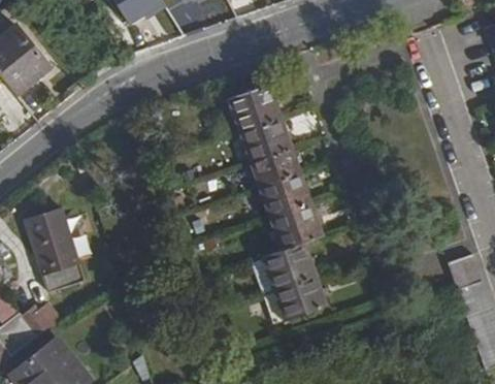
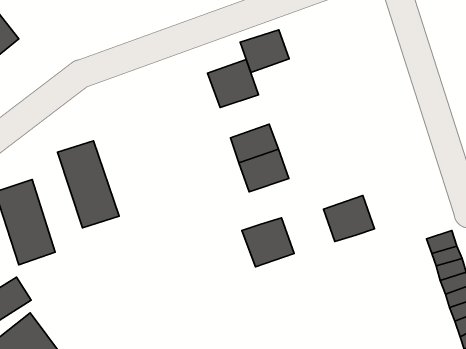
building: [244,121,293,163] -> [240,30,289,73]
building: none -> [58,141,119,228]
building: [273,203,324,249] -> [323,196,374,241]
building: [279,278,328,319] -> none

